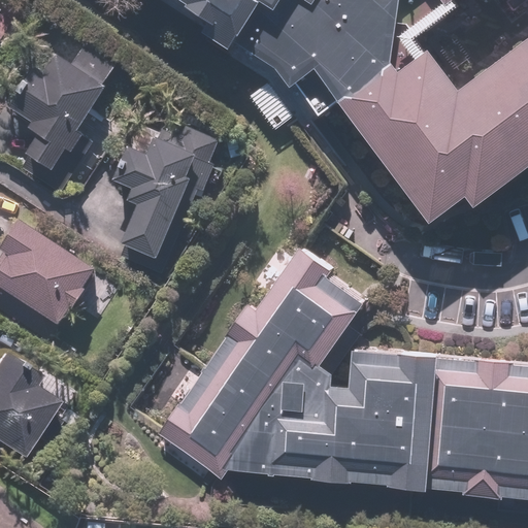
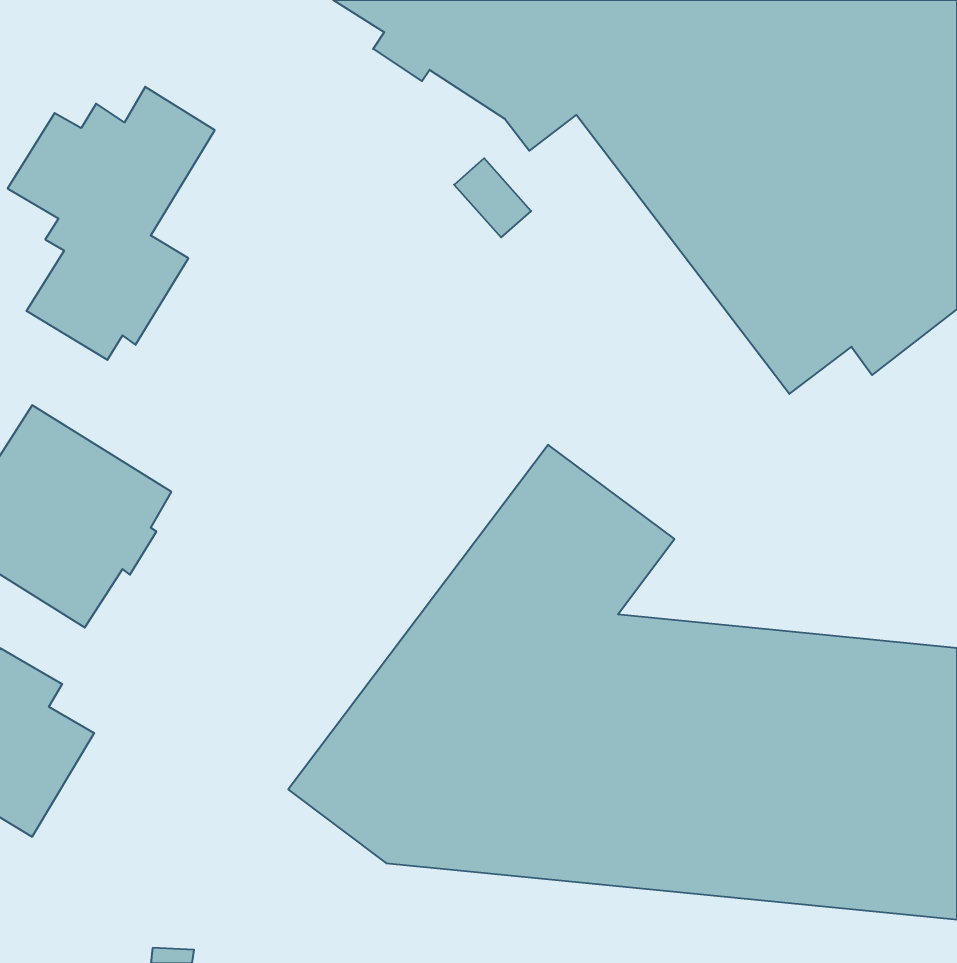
building: [113,126,220,277] -> none

